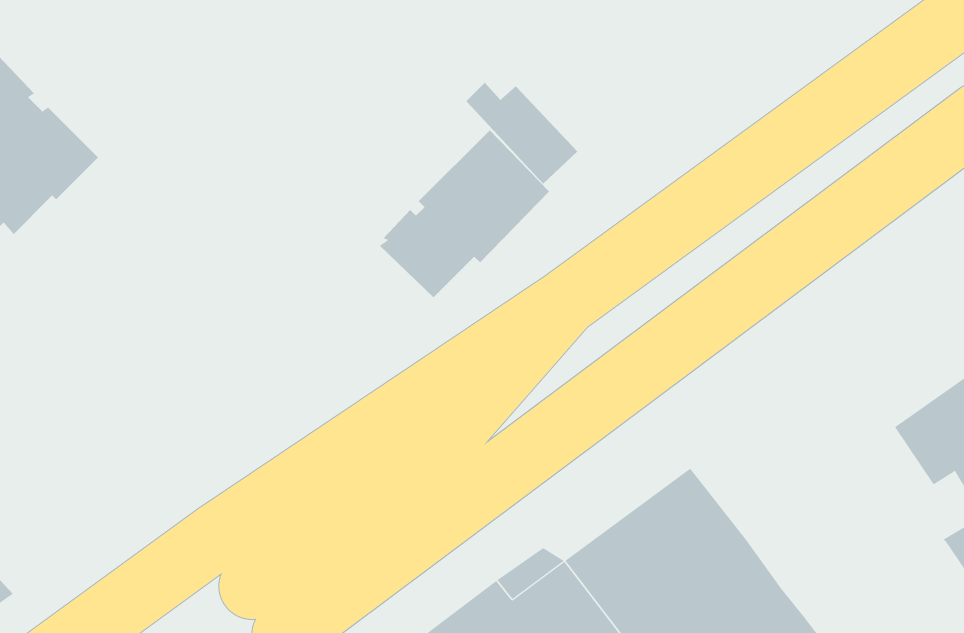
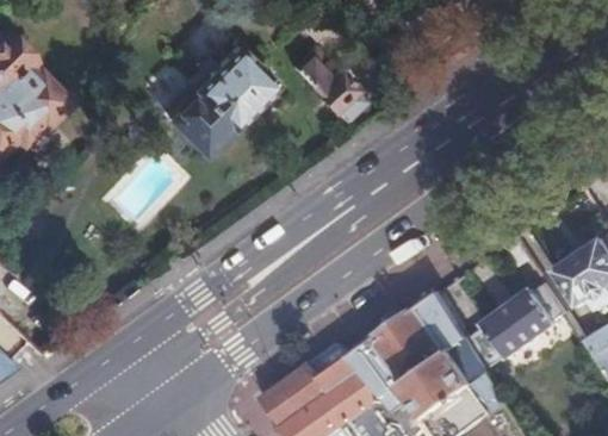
building: [379,129,550,298] -> [162,46,267,150]
building: none -> [461,280,564,368]

